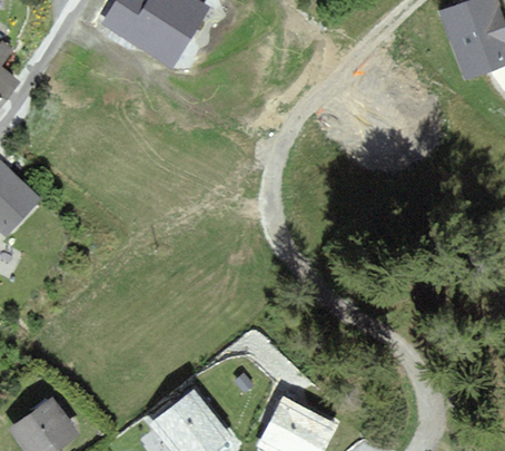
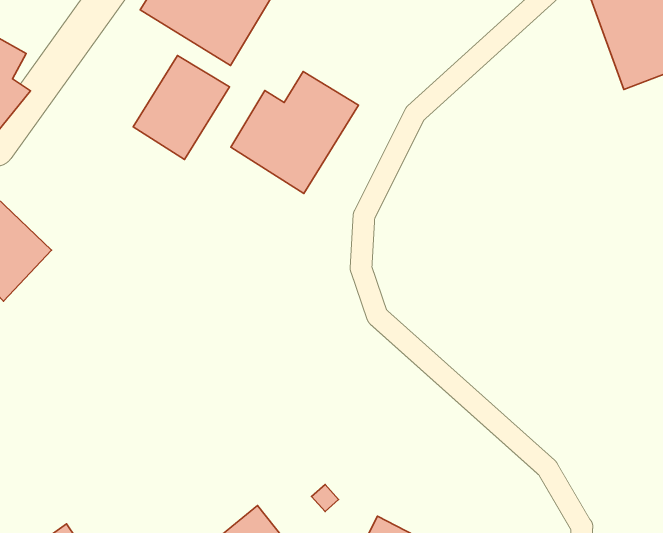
building: none -> [133,55,229,160]
building: none -> [231,71,358,194]

